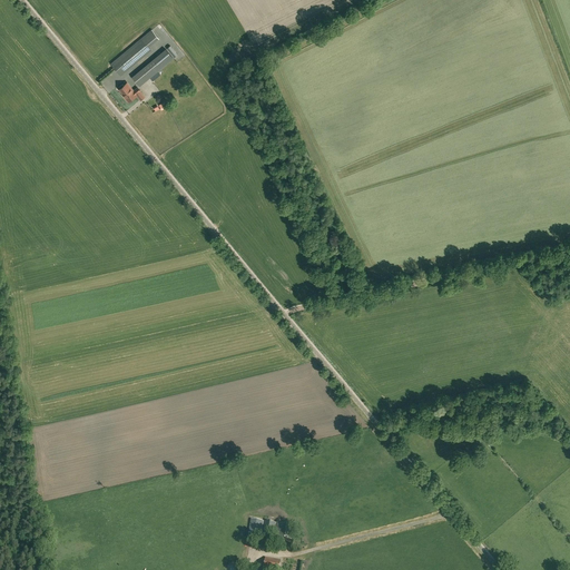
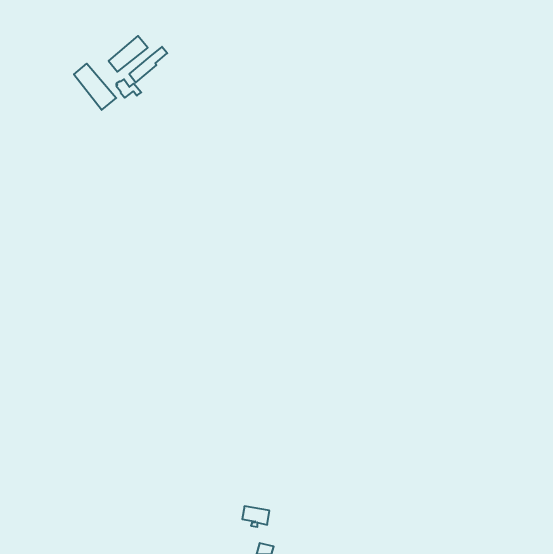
building: none -> [74,64,116,110]

